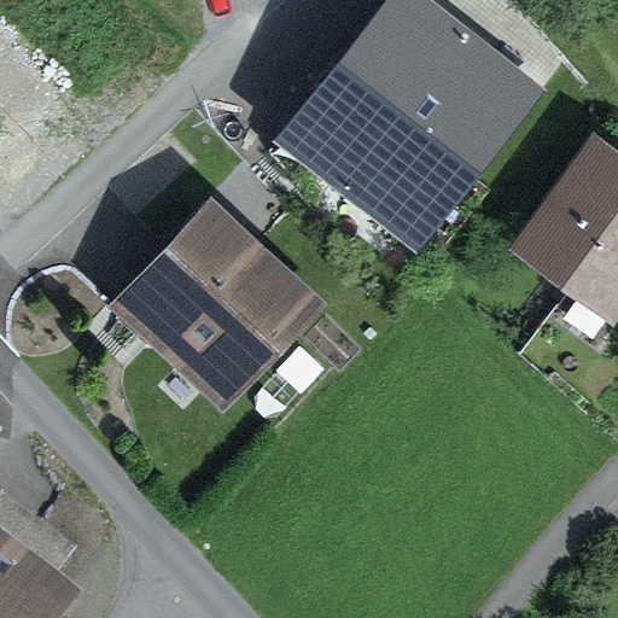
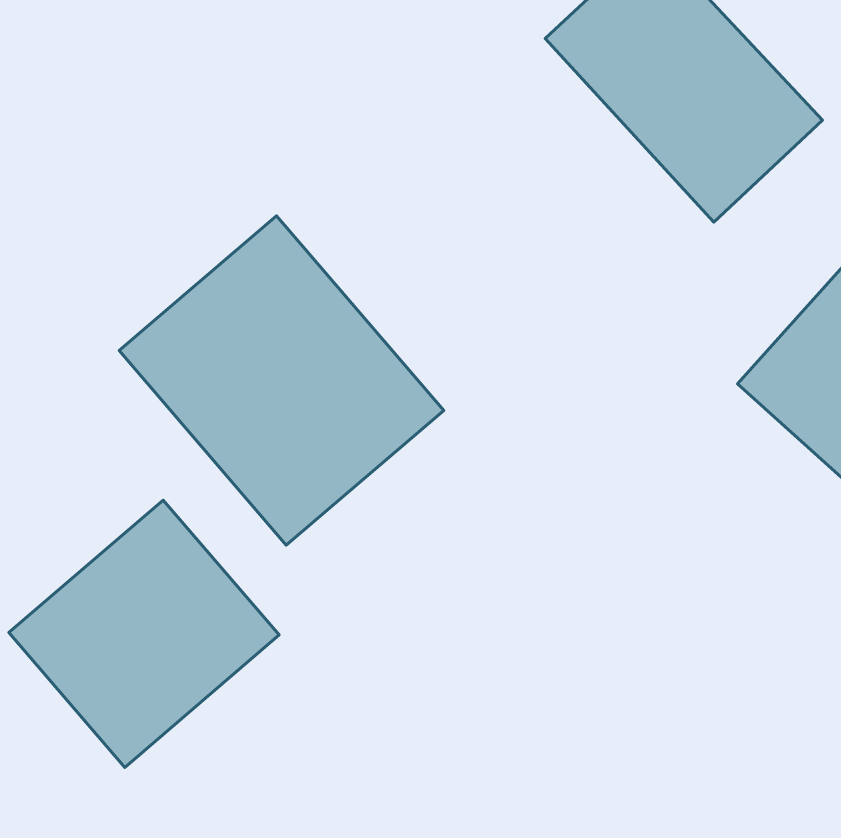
building: [293,59,478,233] -> none
building: none -> [9,500,279,768]

